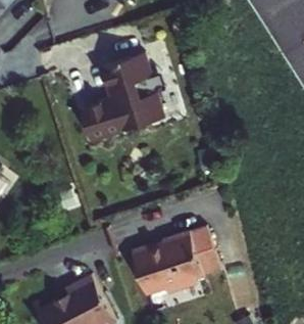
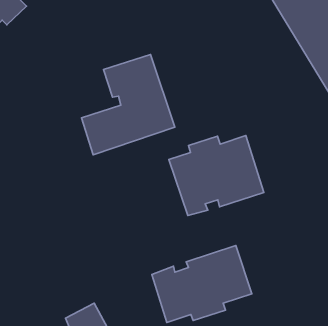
building: none -> [169,136,264,216]

